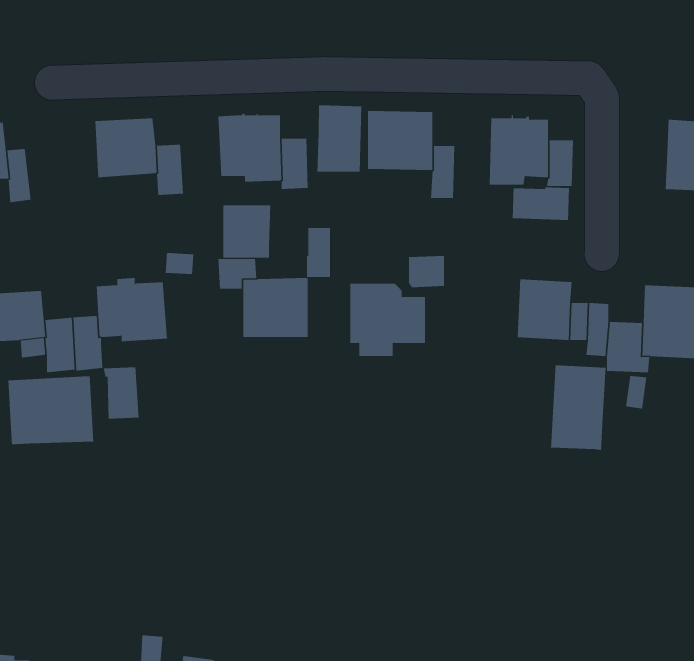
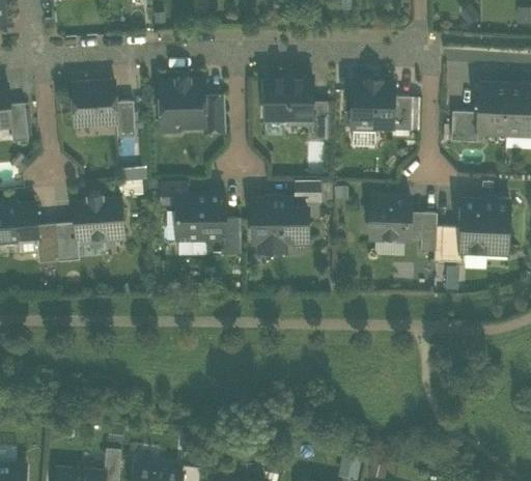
building: [317,104,362,173] -> none
building: none -> [450,113,476,143]
building: [512,187,570,221] -> none
building: [223,204,271,258] -> none
building: [306,228,331,277] -> [222,220,240,255]
building: [551,364,606,451] -> none
building: [103,367,139,419] -> none
building: [8,375,94,445] -> none

